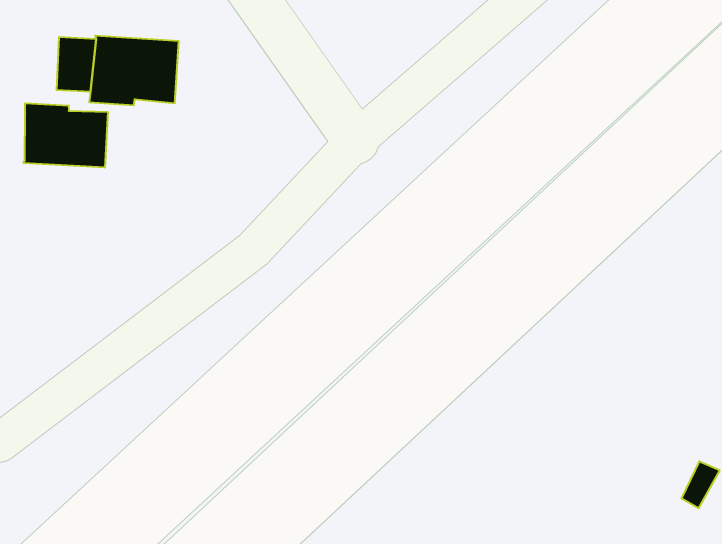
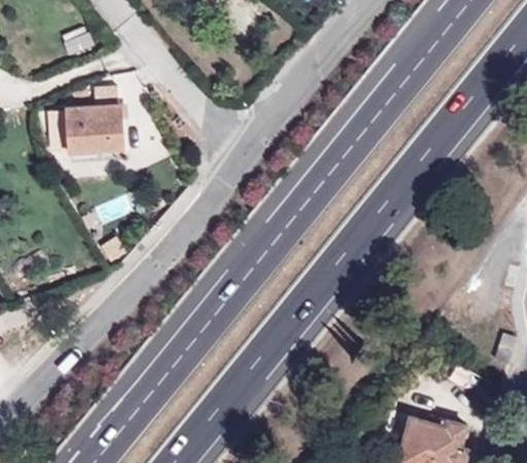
building: [24,103,108,168] -> none

